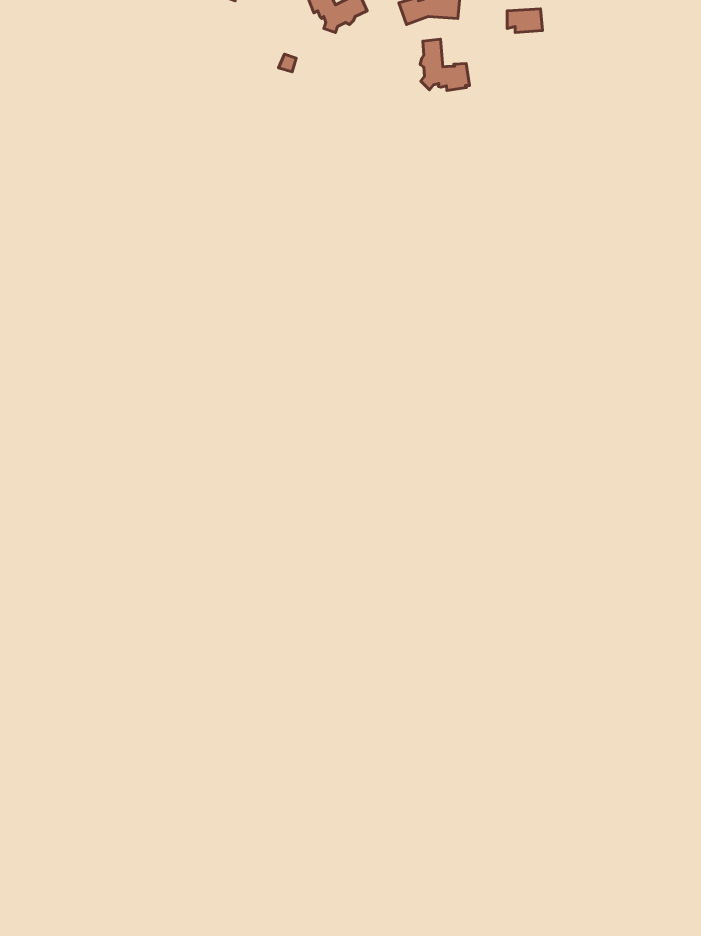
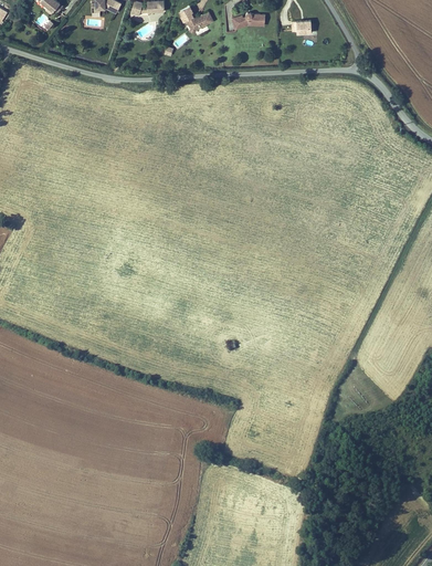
building: [420,39,470,91] -> none

